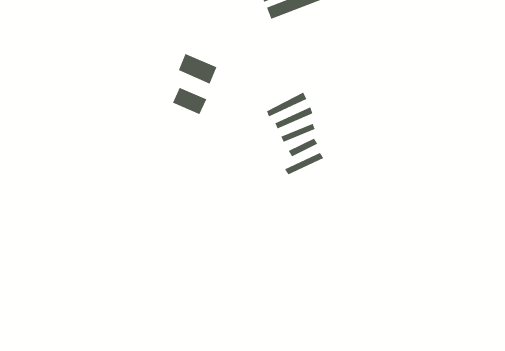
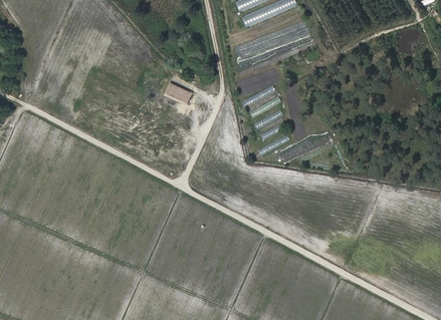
building: [178,53,217,84] -> none

